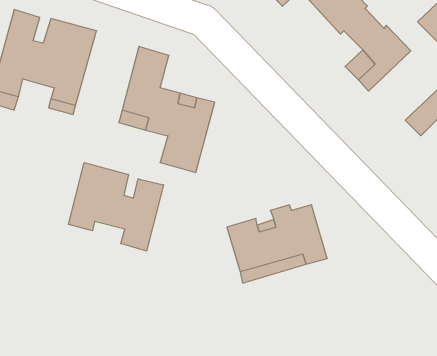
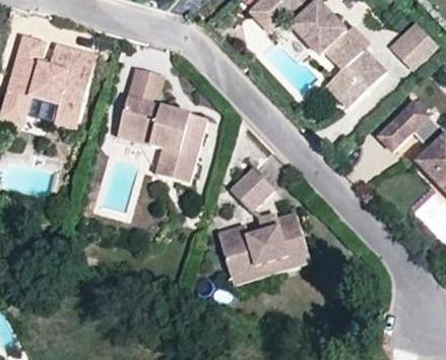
building: none -> [231,168,273,212]
building: [69,163,164,251] -> none

